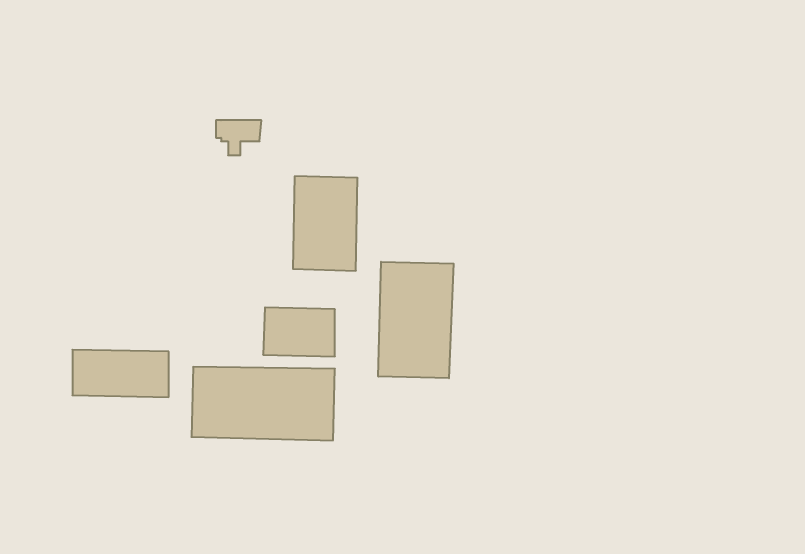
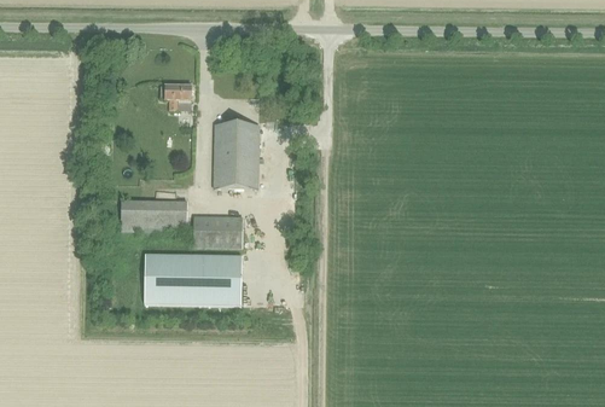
building: [378,262,454,378] -> none
building: [72,350,169,397] -> [121,199,187,232]

